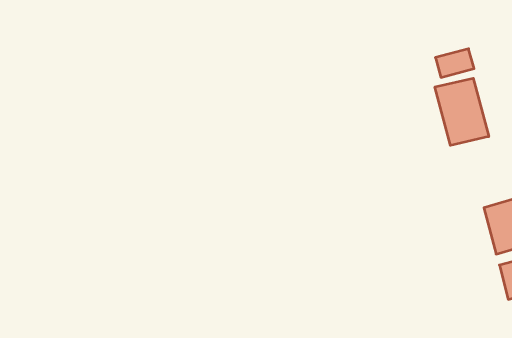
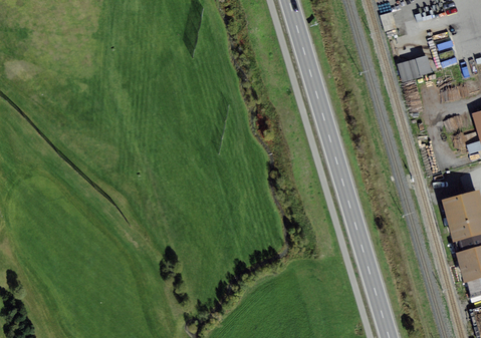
building: [435,78,489,145] -> none

